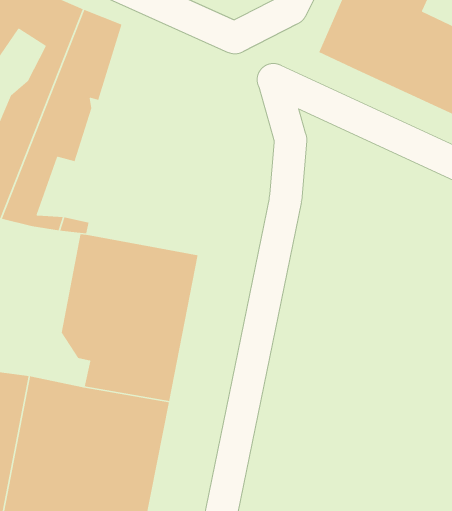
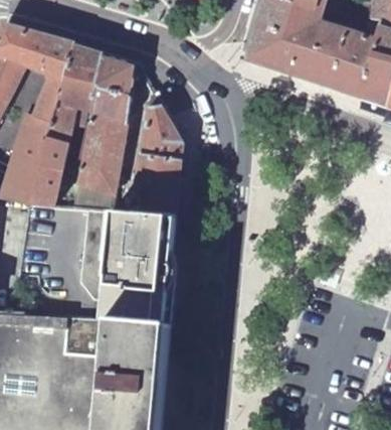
building: none -> [76,53,145,195]
building: none -> [134,93,182,214]

